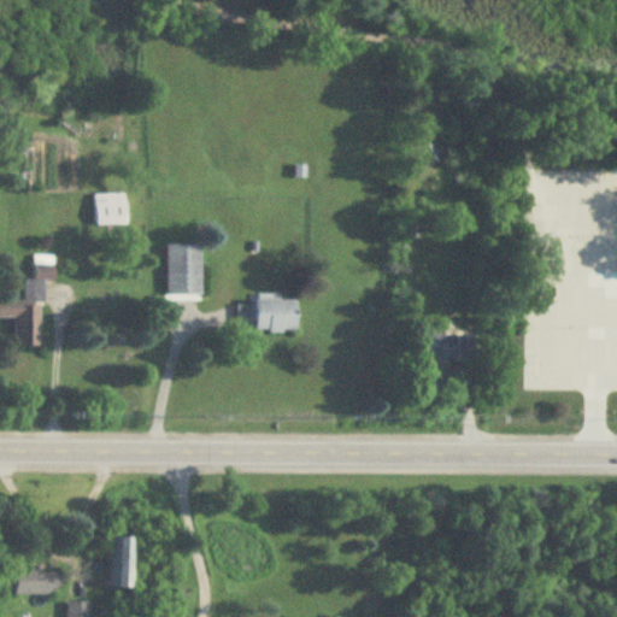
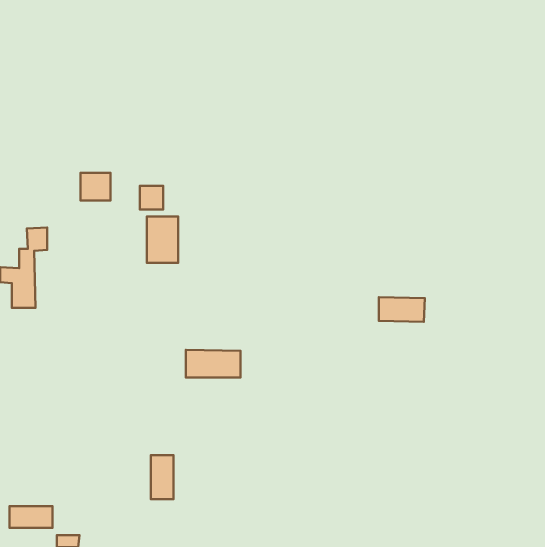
building: none -> [140,186,163,209]
building: [239,300,300,331] -> [186,350,240,378]
building: [111,537,136,587] -> [151,455,174,499]

